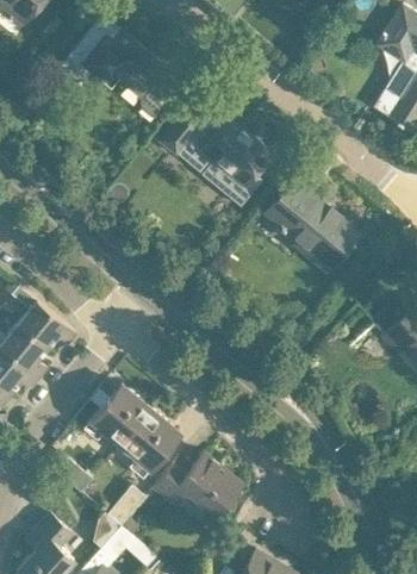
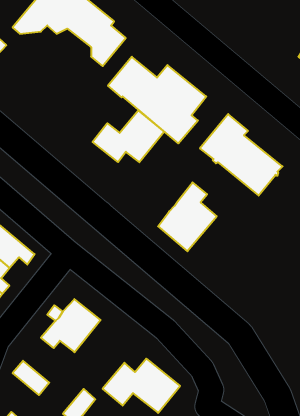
building: none -> [93,111,164,162]
building: none -> [158,182,217,251]
building: [119,408,178,479] -> none

